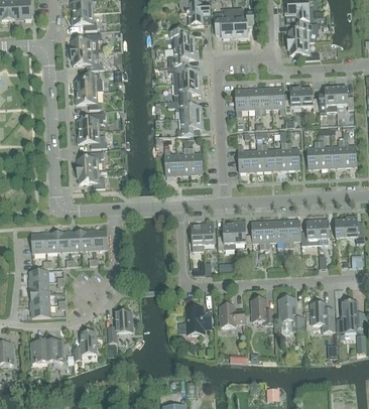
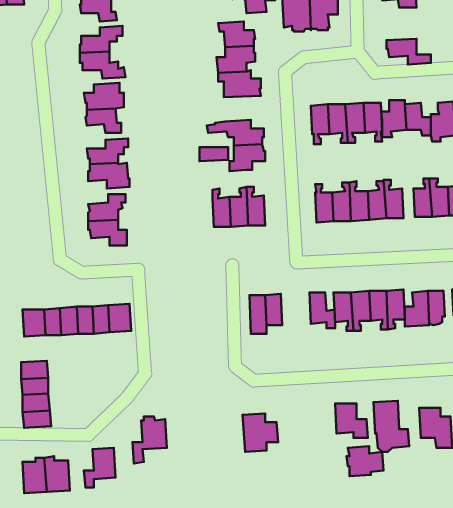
building: [288,22,319,42] -> none
building: [173,82,201,100] -> none
building: [218,221,235,248] -> none
building: [219,305,245,326] -> [346,446,384,476]

